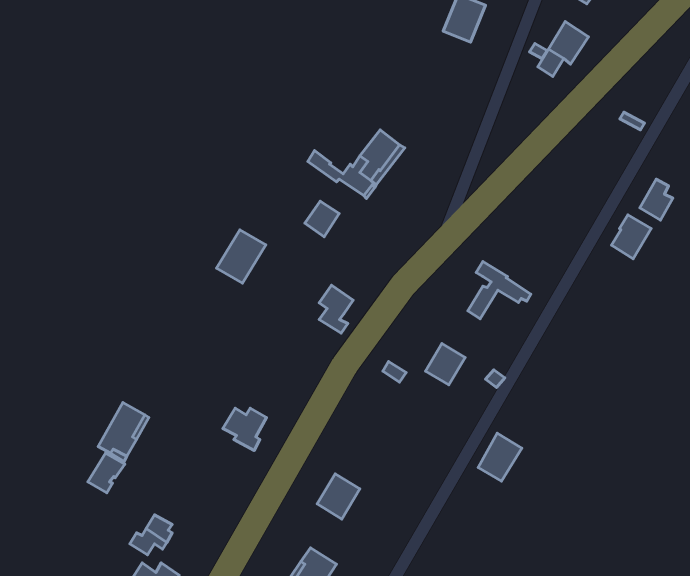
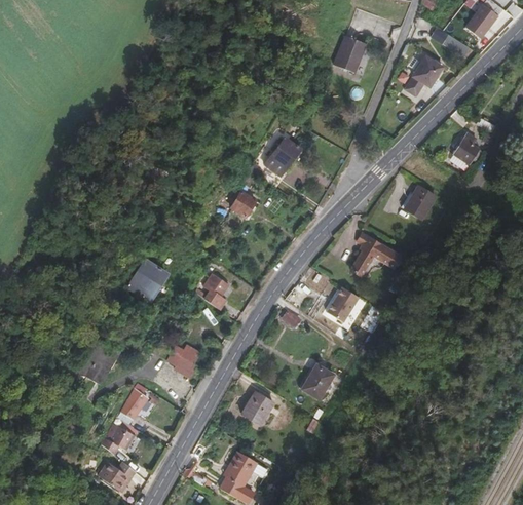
building: [640,179,673,220] -> [454,130,479,161]
building: [611,215,651,259] -> [404,185,434,218]
building: [217,230,266,283] -> [124,259,161,299]
building: [319,285,353,333] -> [207,271,232,307]
building: [478,433,522,481] -> [301,365,334,401]
building: [88,453,125,493] -> [120,389,148,419]

